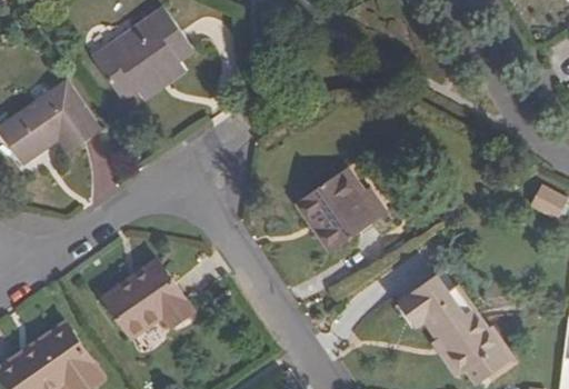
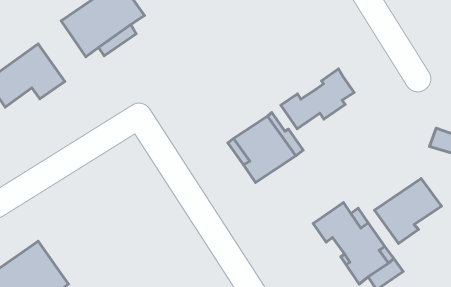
building: none -> [281,69,354,129]
building: none -> [374,179,441,243]
building: [103,260,193,341] -> none

